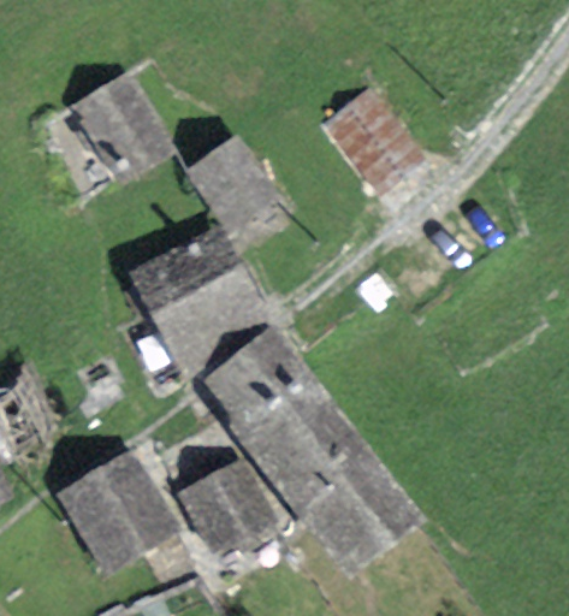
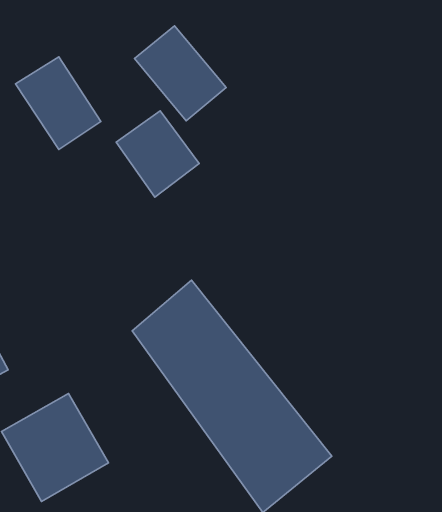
building: [324,88,426,194] -> [134,26,226,121]
building: [125,229,265,374] -> none
building: [173,458,278,558] -> none

